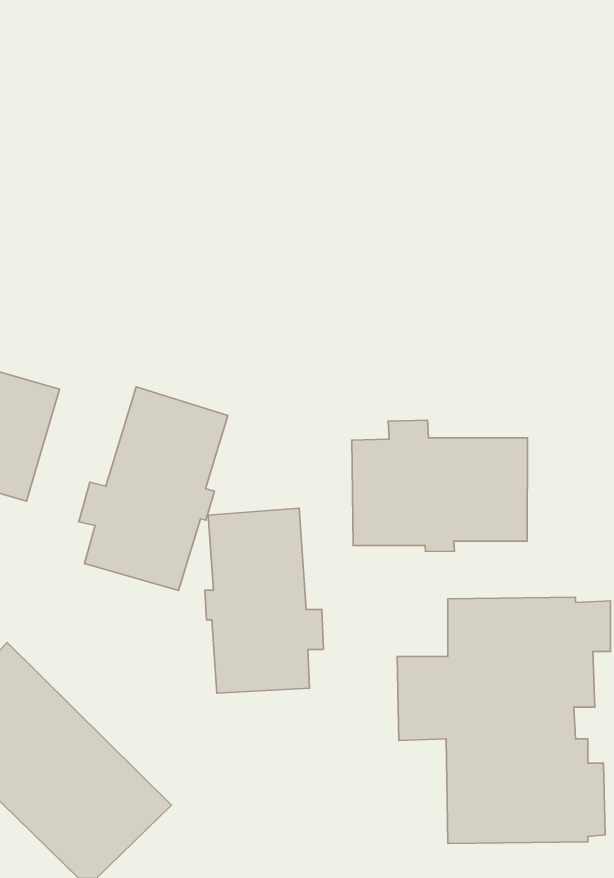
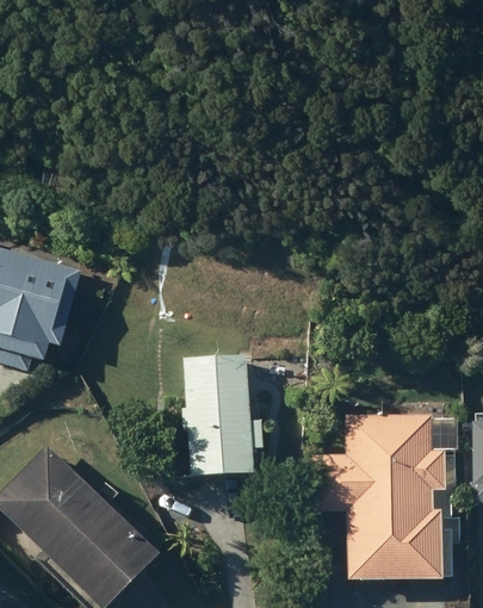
building: [79,387,228,591] -> none
building: [352,420,527,551] -> none

